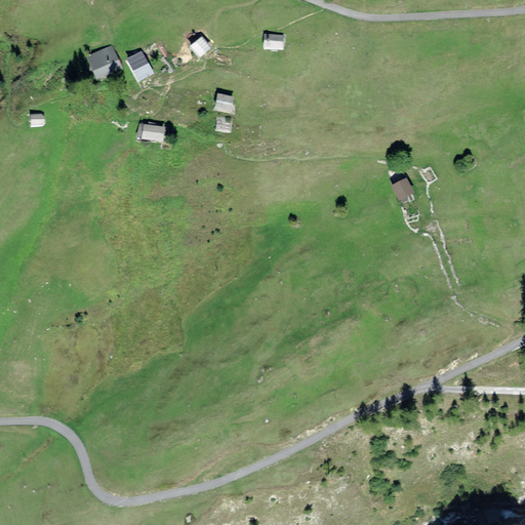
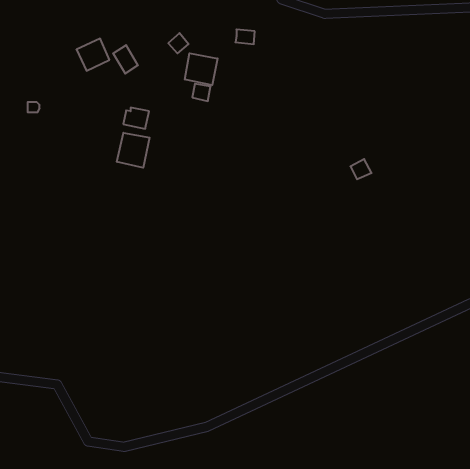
building: none -> [185,53,218,85]
building: none -> [117,133,150,168]

